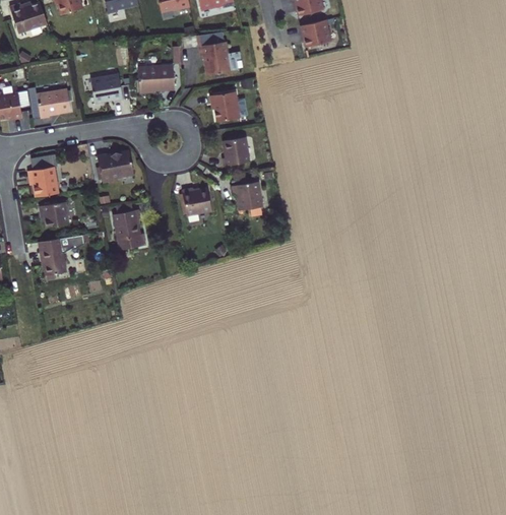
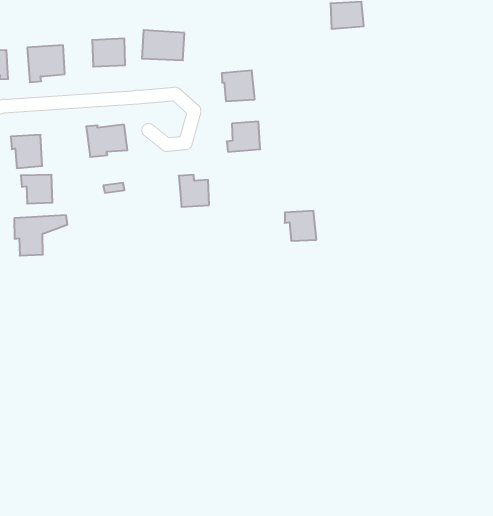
building: [202,41,231,75] -> none
building: [232,180,262,208] -> [285,211,316,241]
building: [115,209,143,250] -> none

